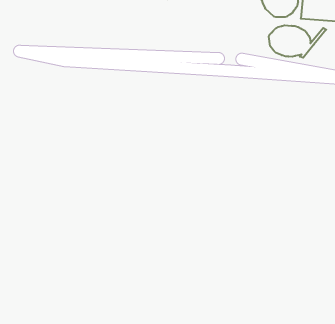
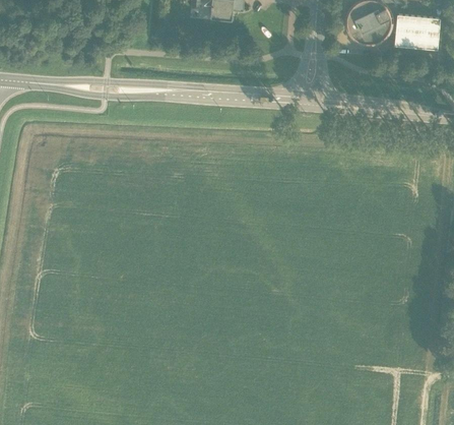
building: [269,25,326,58] -> none

